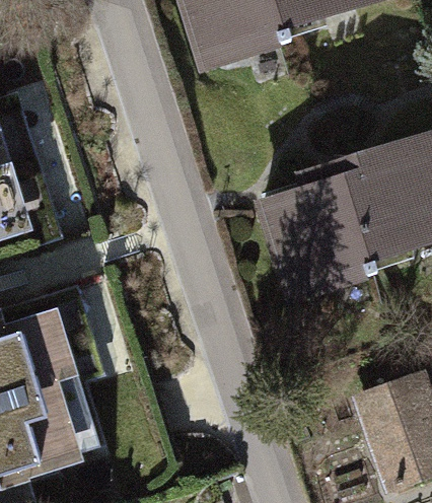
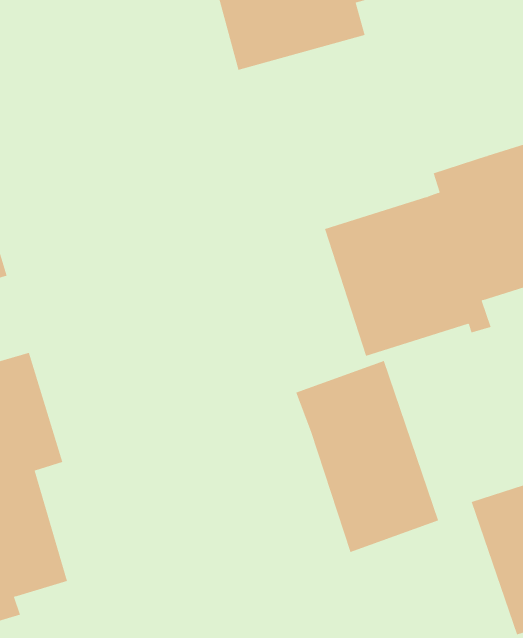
building: none -> [295,360,439,553]

